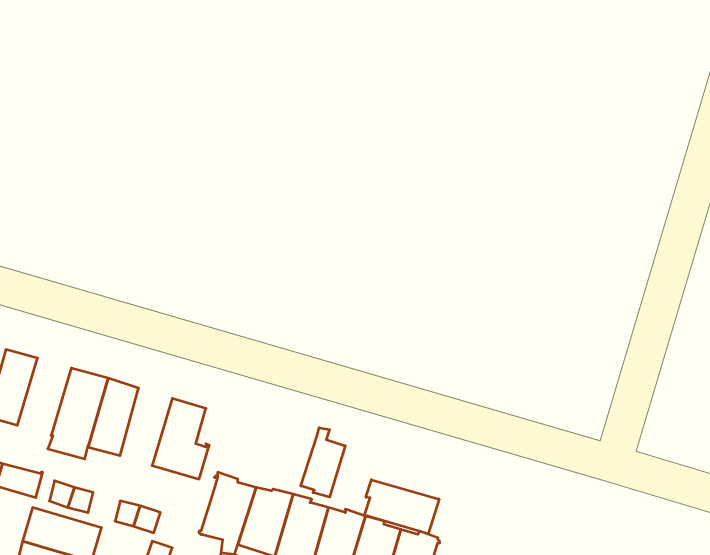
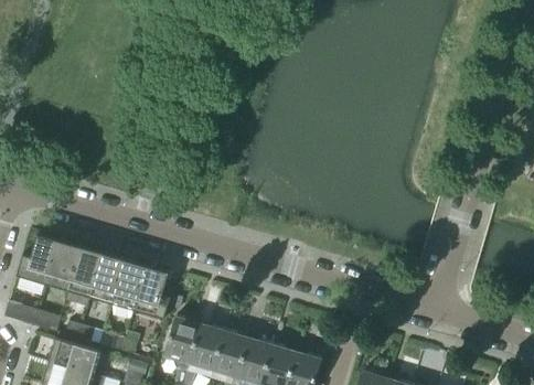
building: none -> [44,240,79,291]
building: none -> [111,260,146,311]
building: [301,428,345,497] -> none
building: [365,480,439,534] -> none

